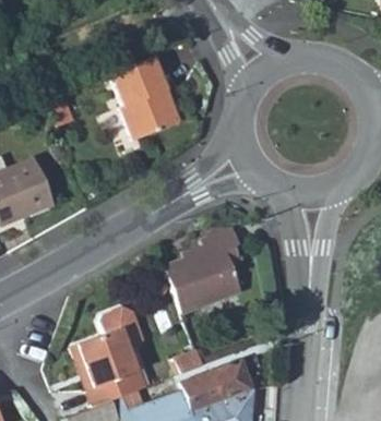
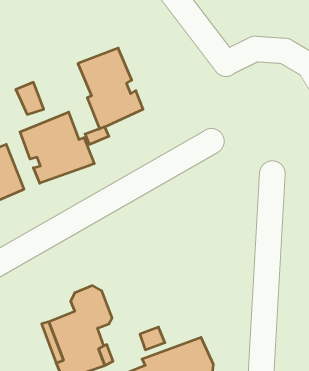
building: none -> [20,112,94,183]
building: [164,230,239,313] -> none

